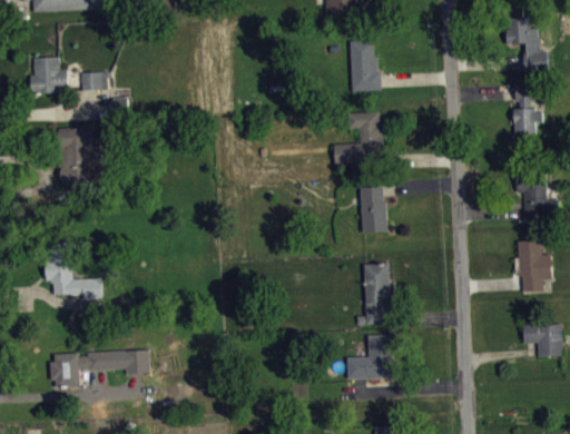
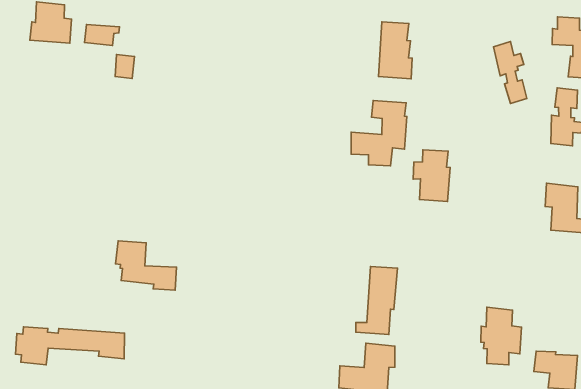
building: none -> [493,42,527,103]
building: [58,127,107,188] -> none
building: [353,187,387,234] -> [413,150,450,201]
building: [514,240,552,292] -> [481,307,522,365]
building: [46,258,102,299] -> [116,241,176,290]

